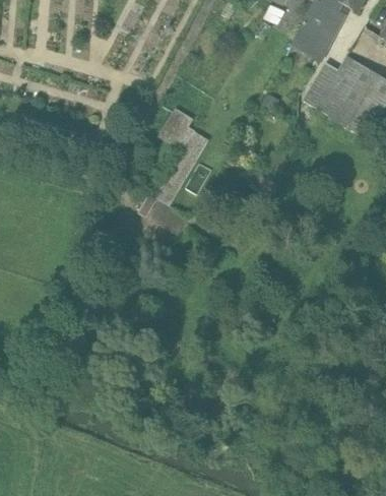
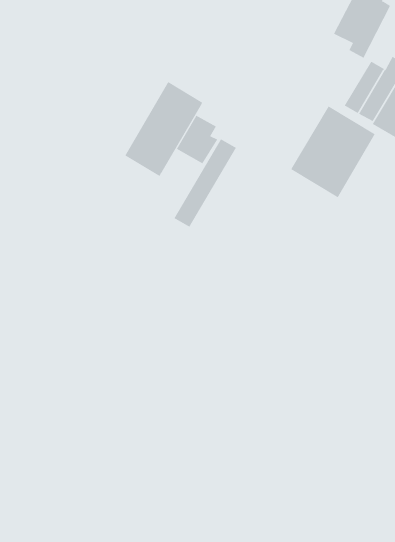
building: none -> [125,81,203,177]
building: none -> [291,105,376,198]

